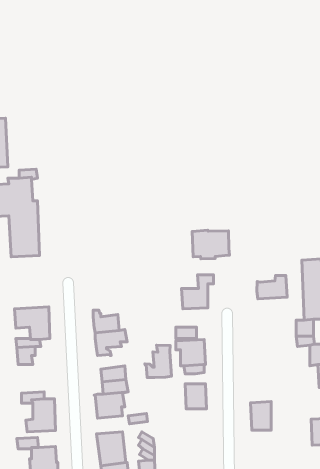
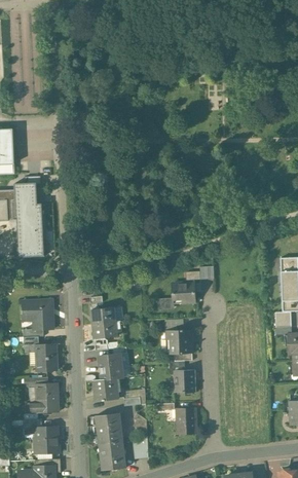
building: [192,230,229,259] -> none
building: [257,276,287,299] -> none
building: [145,345,172,378] -> none
building: none -> [36,343,57,371]
building: [251,402,271,430] -> [177,408,195,434]

